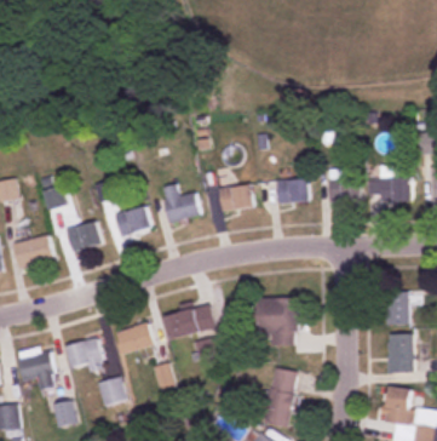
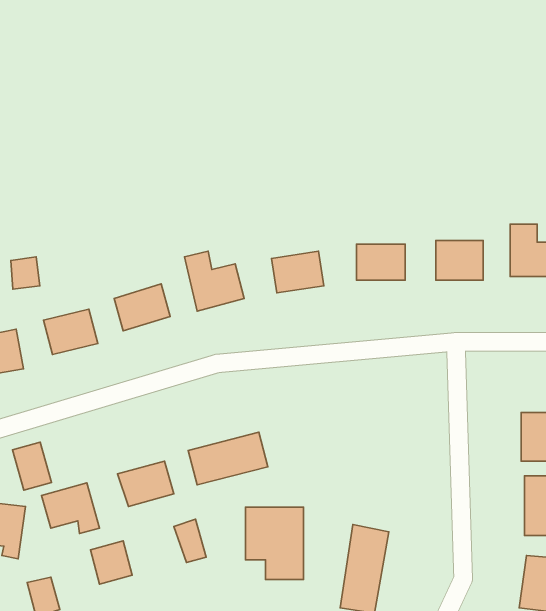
building: [257,297,295,345] -> [246,507,303,580]
building: none -> [12,442,51,490]

